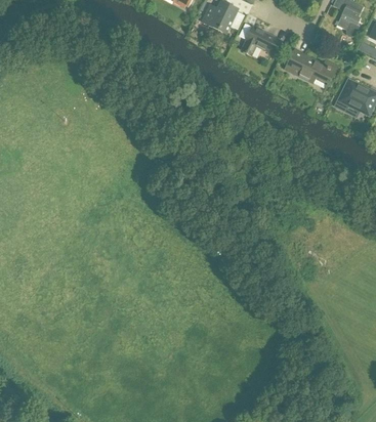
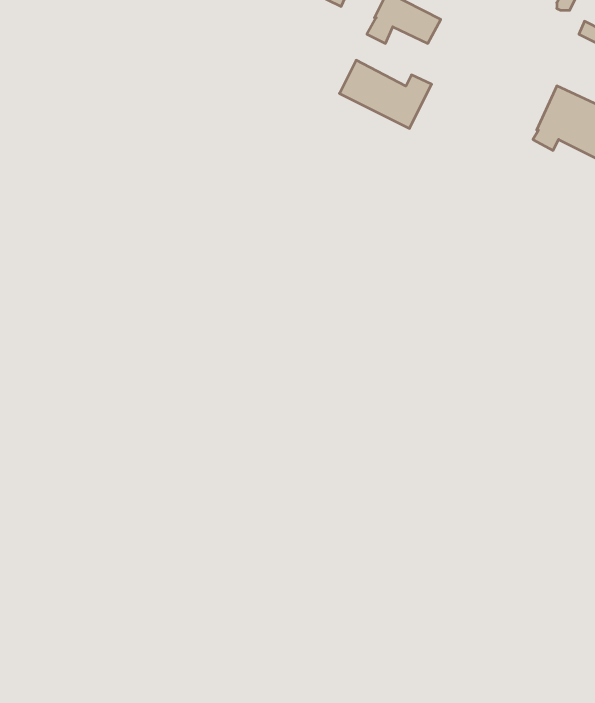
building: [284,50,335,88] -> [339,60,432,128]

